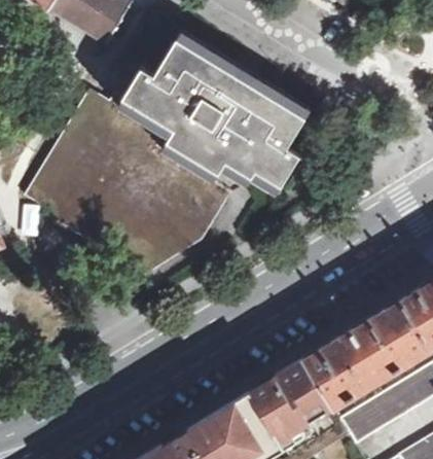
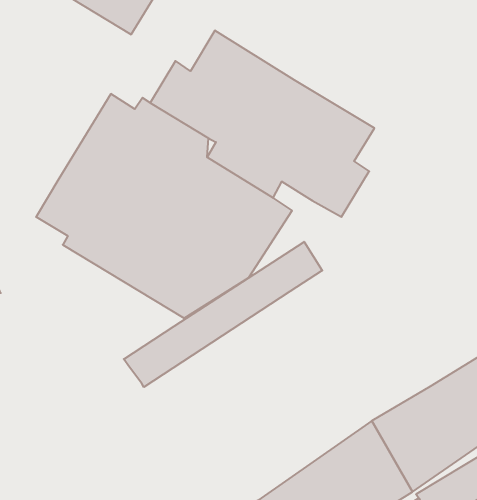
building: none -> [124,242,322,387]

